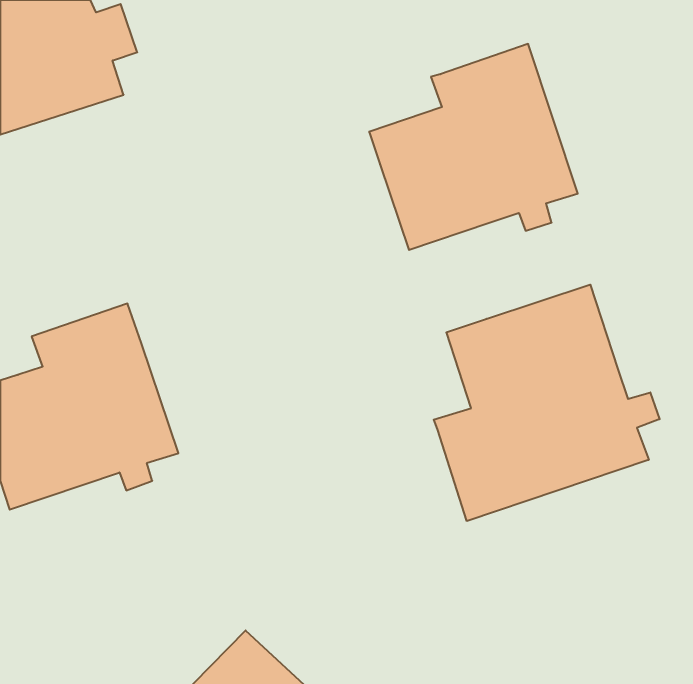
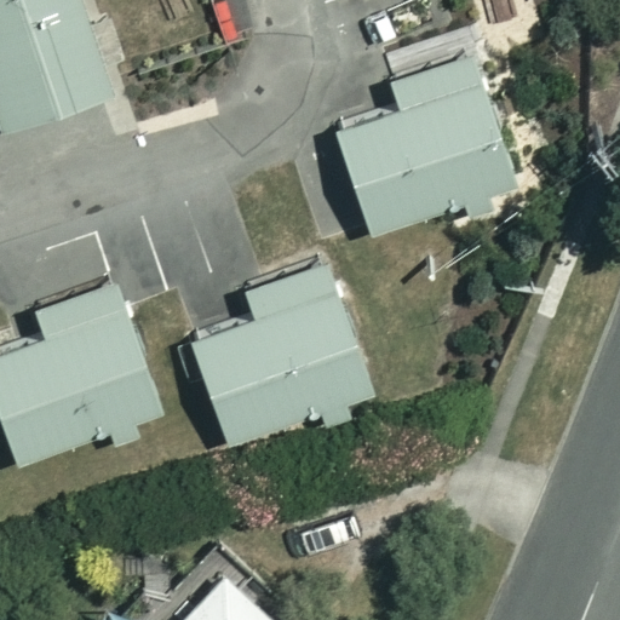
building: none -> [190,265,374,447]
building: [434,285,660,521] -> none

